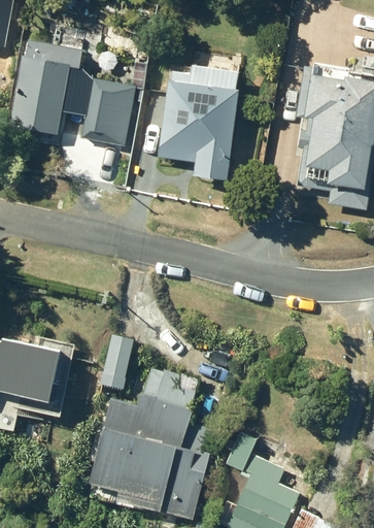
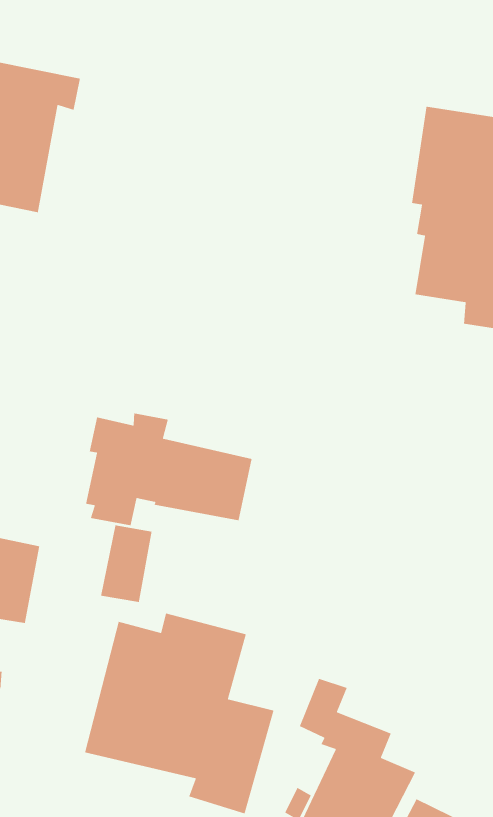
building: [160,67,244,184] -> none
building: [81,81,137,151] -> none
building: none -> [85,413,253,526]

